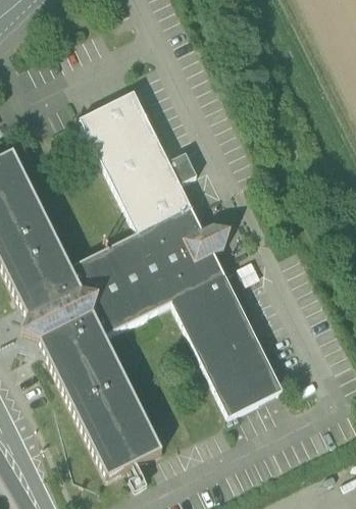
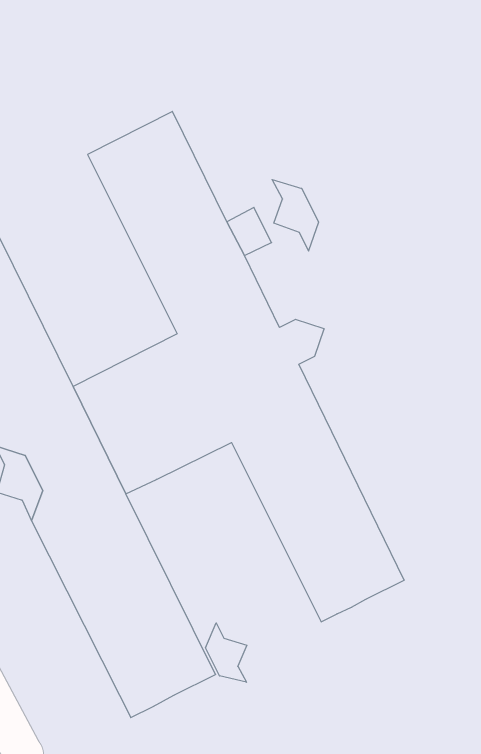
building: none -> [272,180,319,251]
building: none -> [206,623,247,682]

